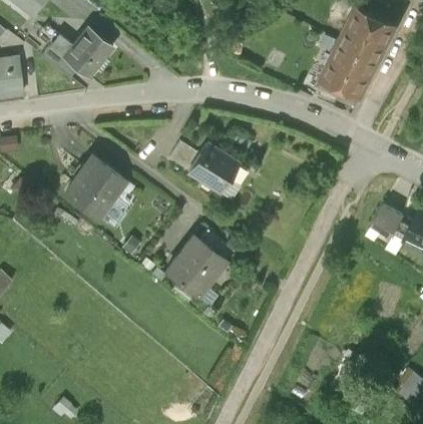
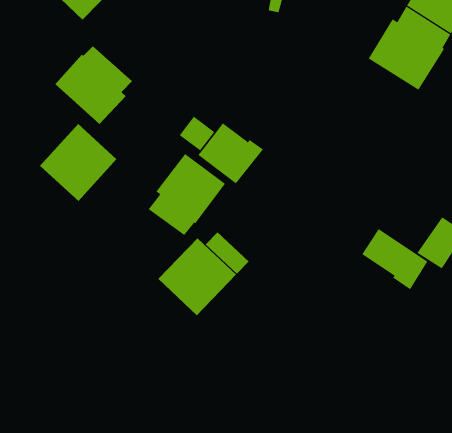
building: none -> [55,45,133,125]
building: none -> [148,153,226,236]
building: none -> [361,228,428,290]

